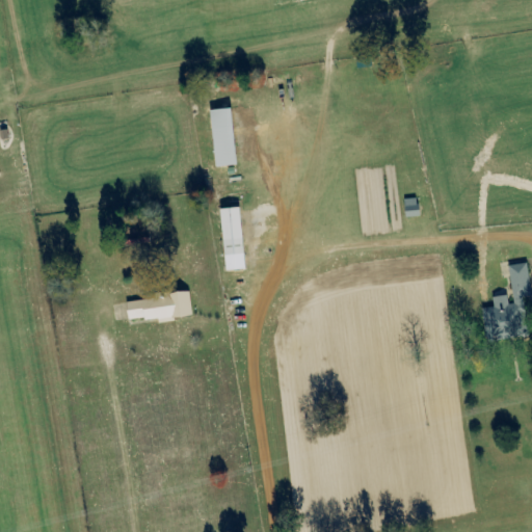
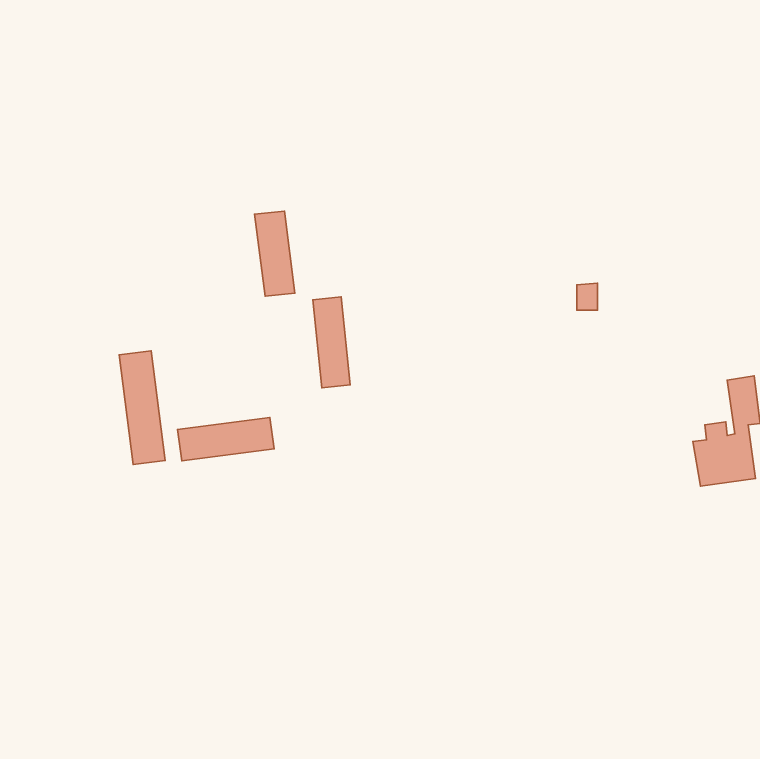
building: [209,107,237,166] -> [255,211,295,296]
building: none -> [119,351,165,465]

